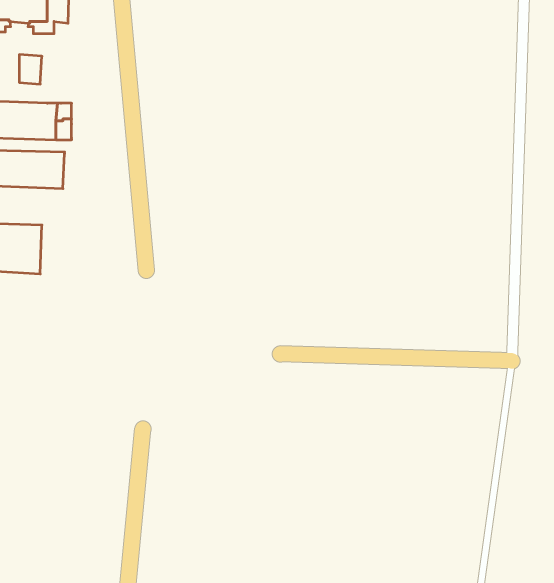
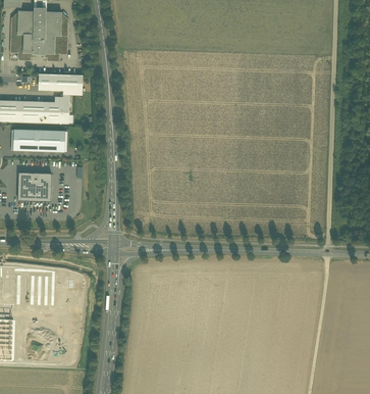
building: none -> [50,73,82,91]

